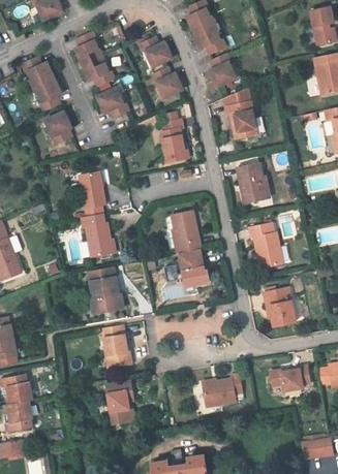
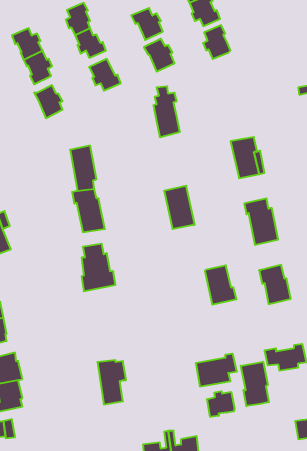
building: [223,87,257,138] -> none
building: [178,249,209,287] -> [205,265,237,305]
building: [101,324,131,367] -> none
building: none -> [241,362,269,406]
building: none -> [207,391,234,417]

